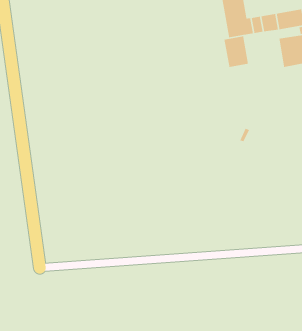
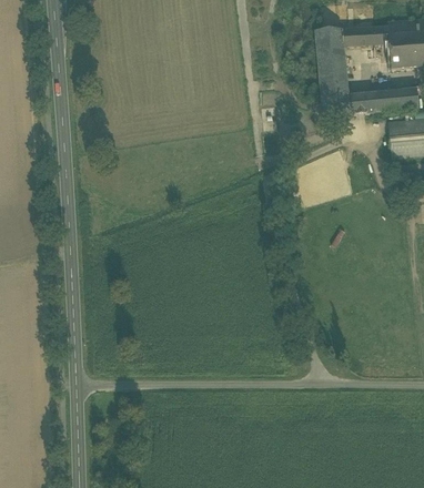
building: [224,36,249,68] -> none

